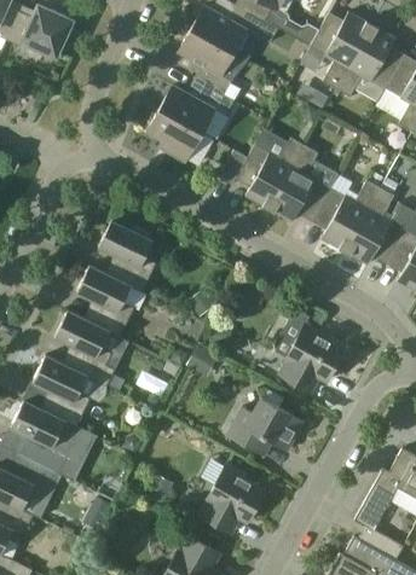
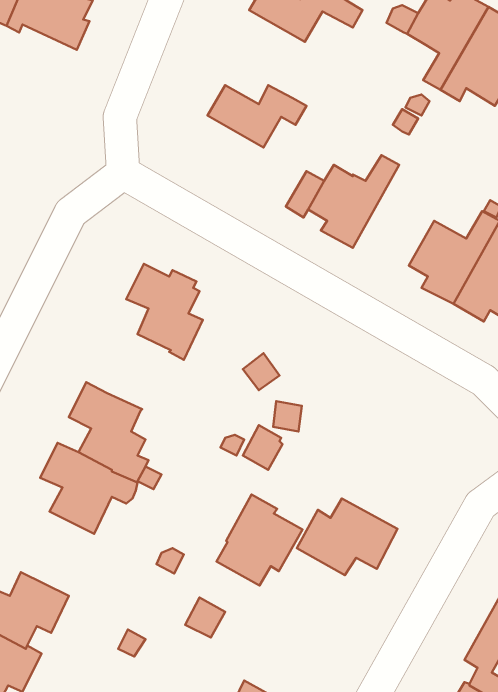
building: [179,28,233,94] -> none
building: [148,108,202,161] -> none
building: [270,145,331,221] -> none
building: [76,265,134,337] -> none
building: [273,320,345,391] -> none
building: [11,400,81,474] -> none
building: [200,464,265,533] -> [216,494,303,585]

